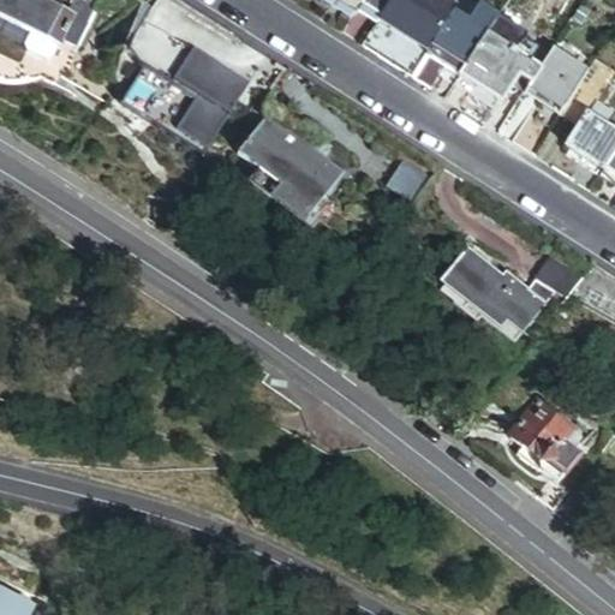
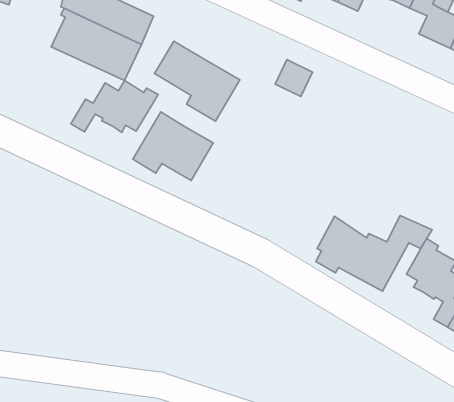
building: none -> [71,81,158,132]
building: none -> [133,112,213,180]
building: [437,241,583,340] -> [316,215,432,291]

